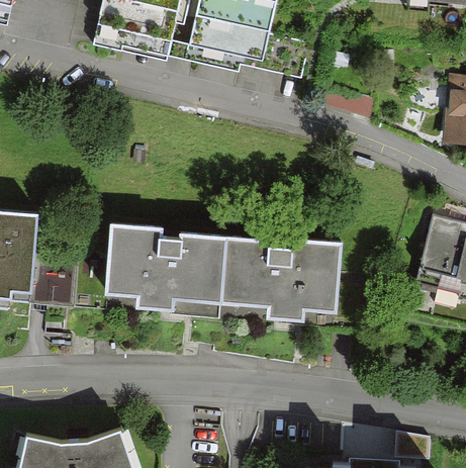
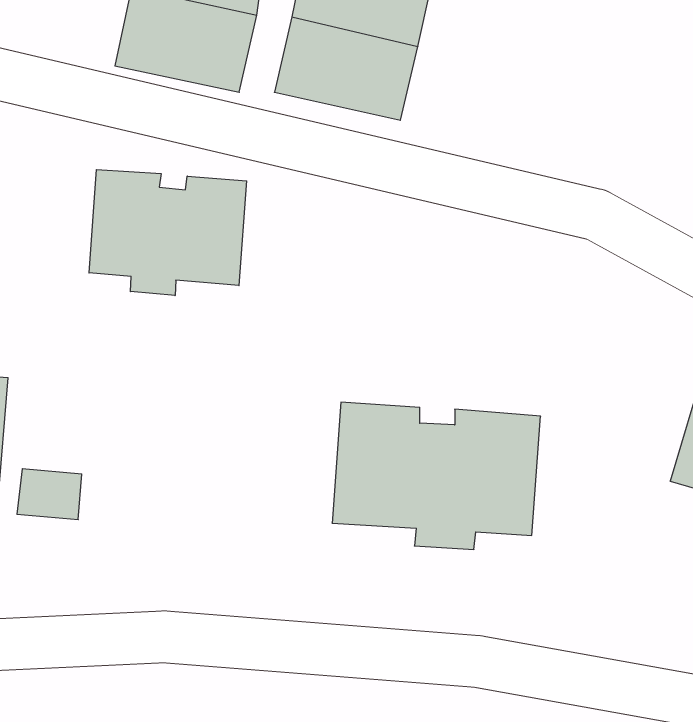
building: none -> [89,170,247,296]
building: [103,227,225,312] -> none

